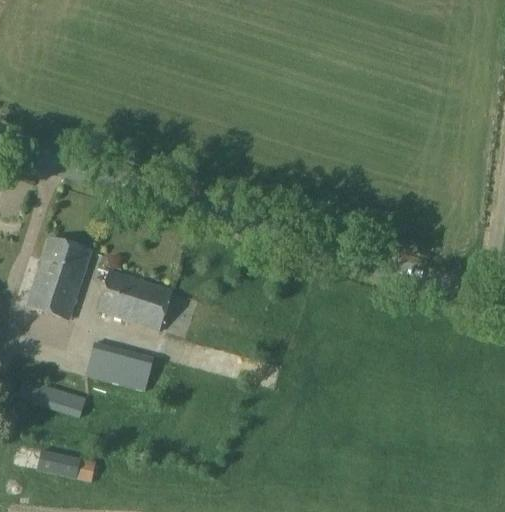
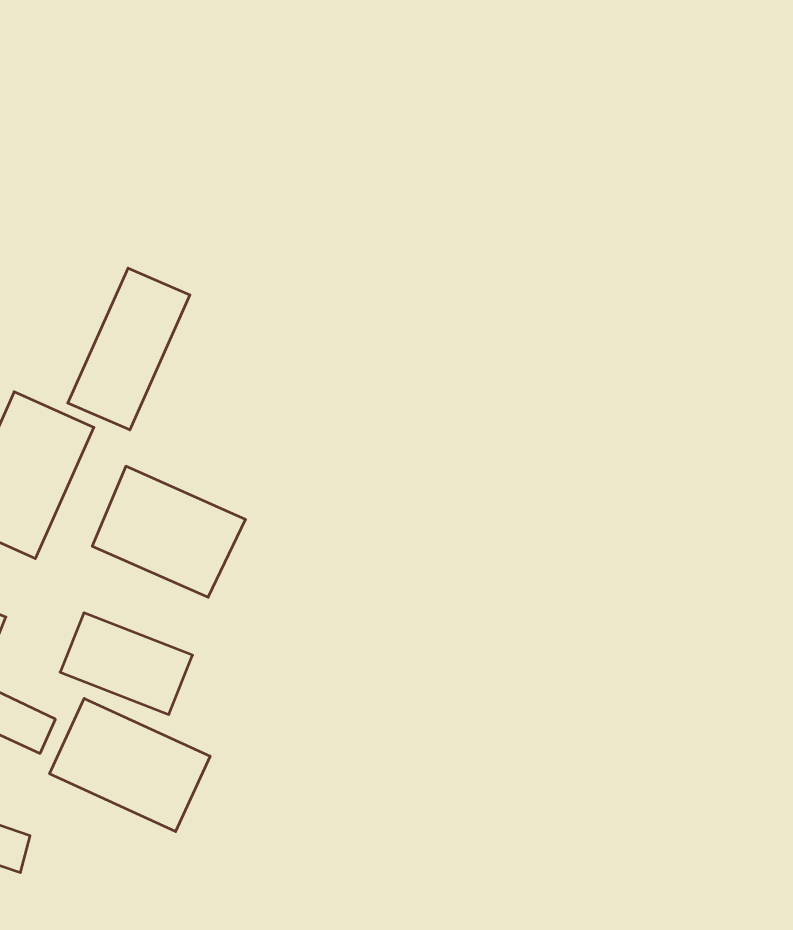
building: none -> [68,268,190,430]
building: none -> [50,698,210,832]

